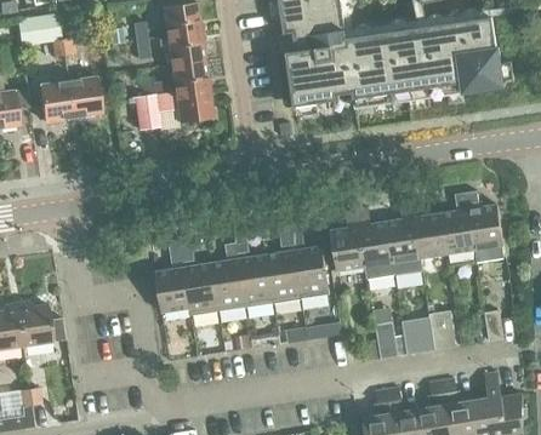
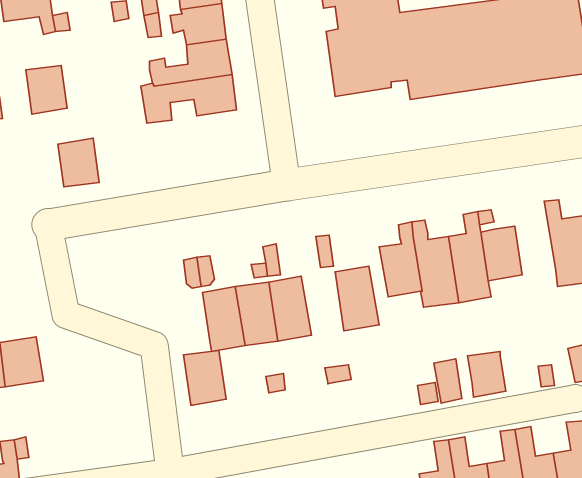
building: [68,76,102,116] -> [58,138,99,187]
building: [442,193,475,253] -> none
building: [266,251,301,303] -> none
building: [155,268,190,313] -> [184,351,226,405]
building: [429,310,456,349] -> none

